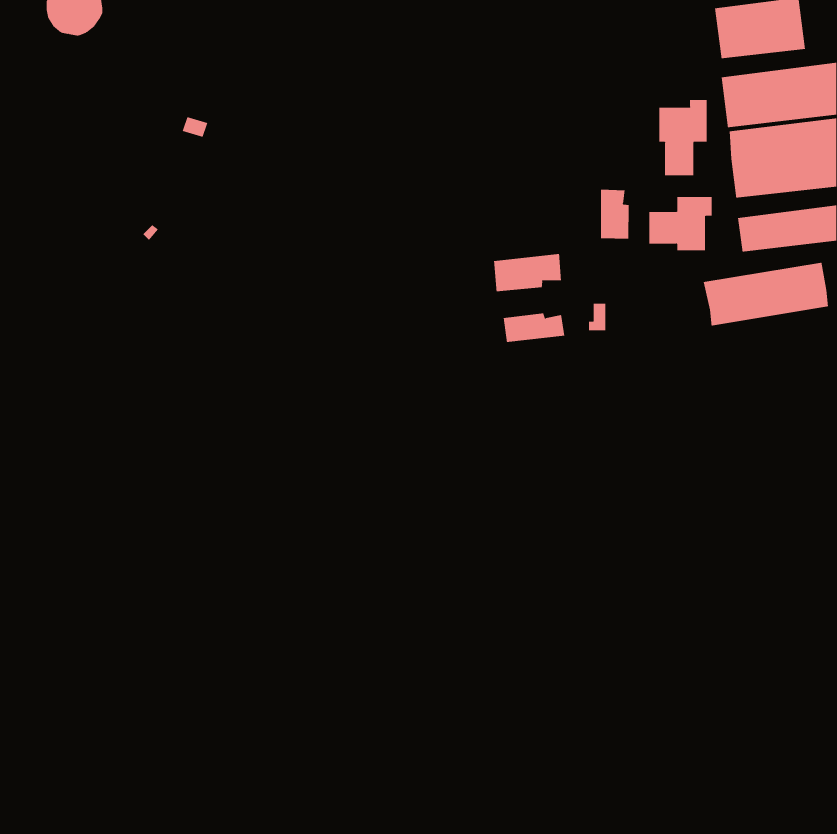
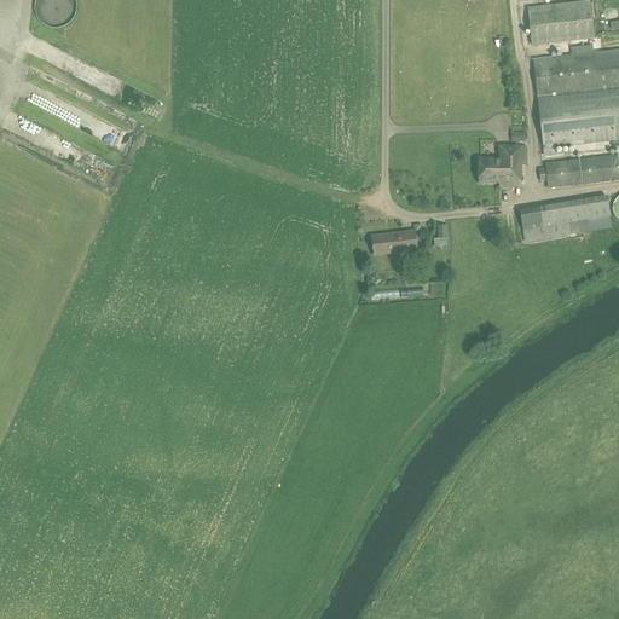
building: [659,99,707,176] -> none
building: [601,189,629,239] -> none
building: [493,253,561,292] -> none

